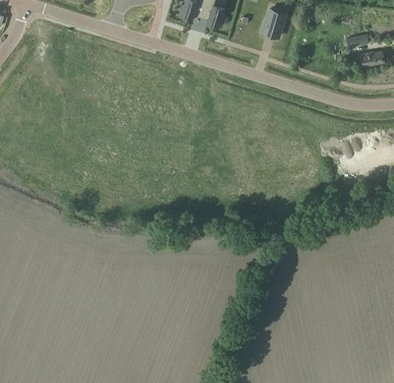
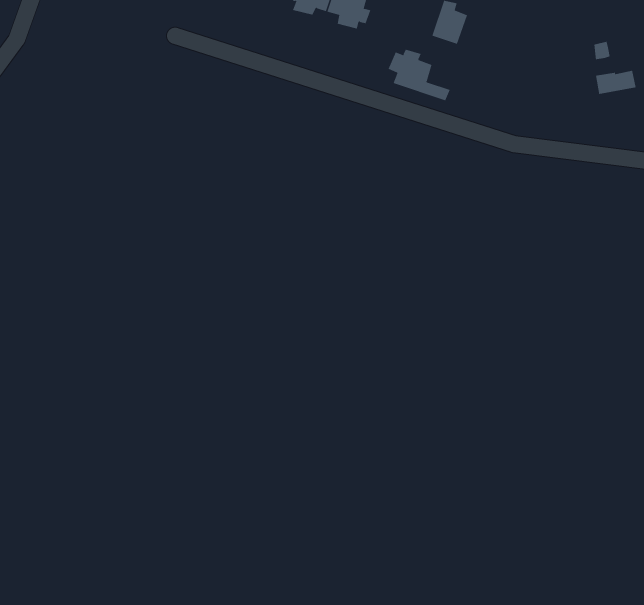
building: none -> [388,49,451,101]

